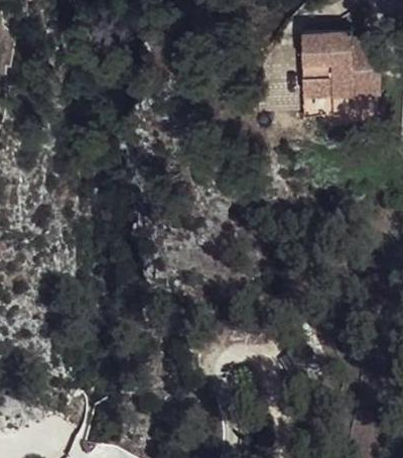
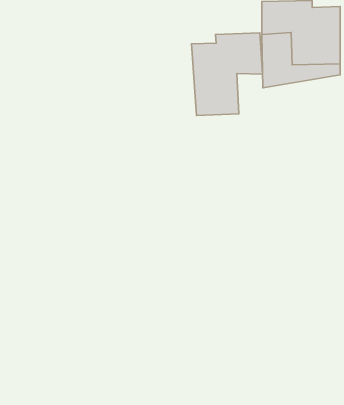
building: none -> [192,33,263,116]

